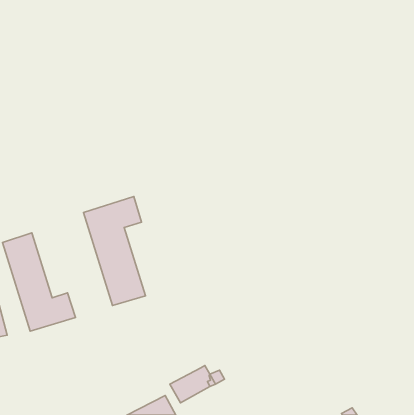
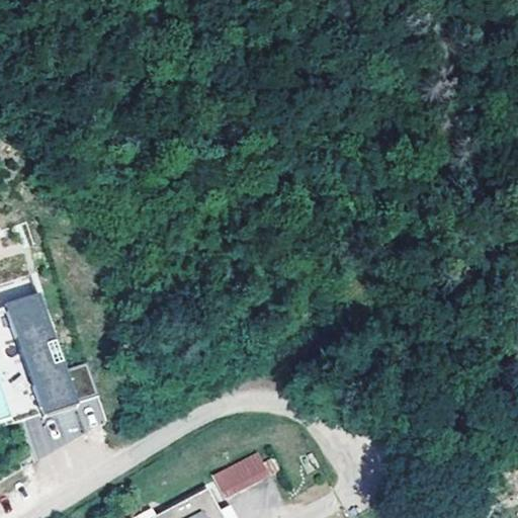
building: [84,196,145,305] -> none

